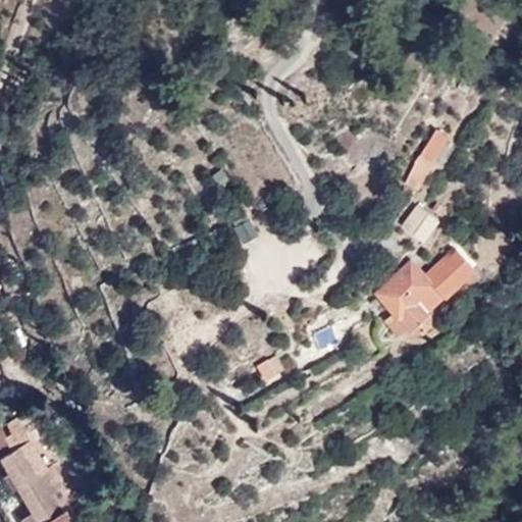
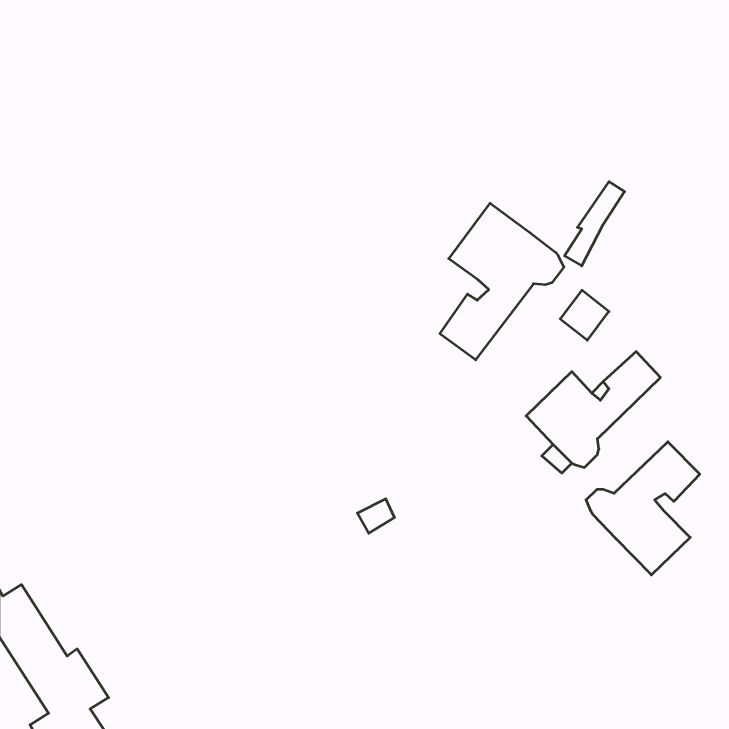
building: none -> [440,203,564,360]
building: none -> [586,442,700,575]

